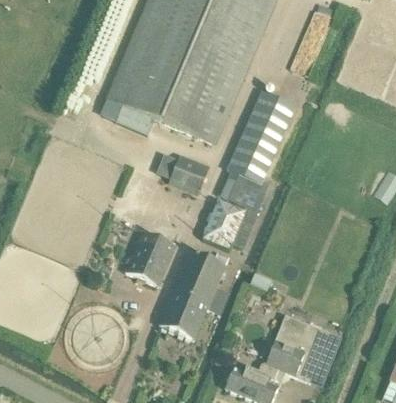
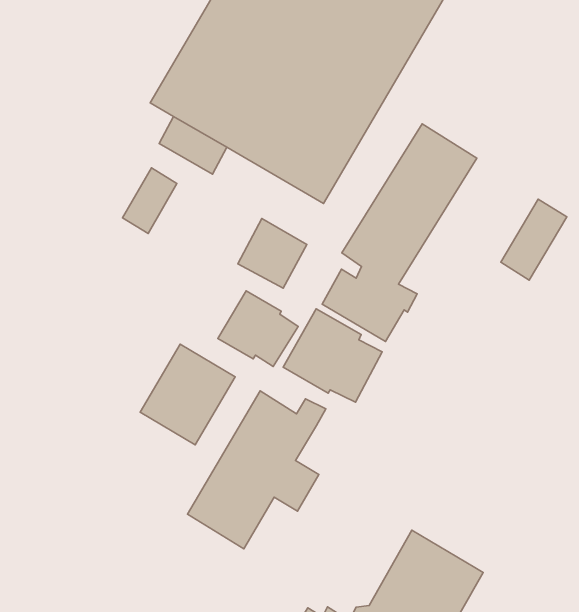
building: none -> [501,199,567,280]
building: none -> [123,168,177,234]
building: none -> [218,291,298,366]

